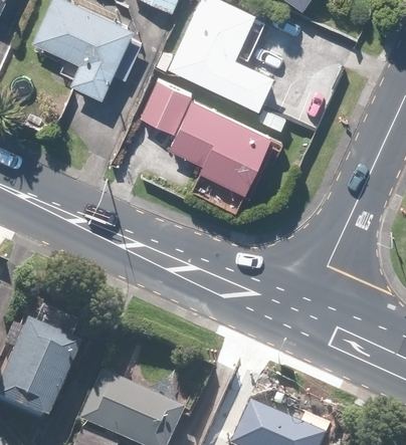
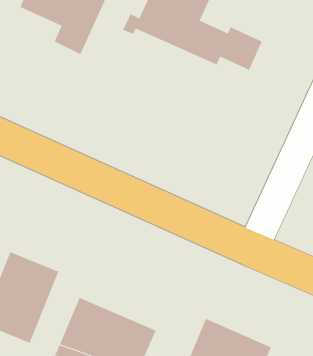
building: [136,74,274,212] -> none

